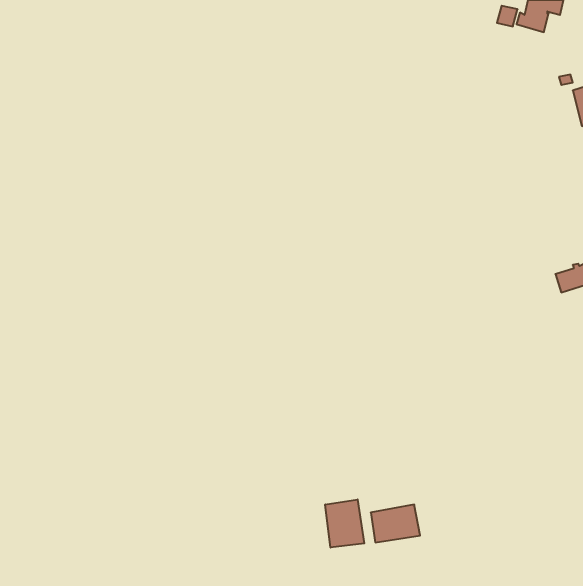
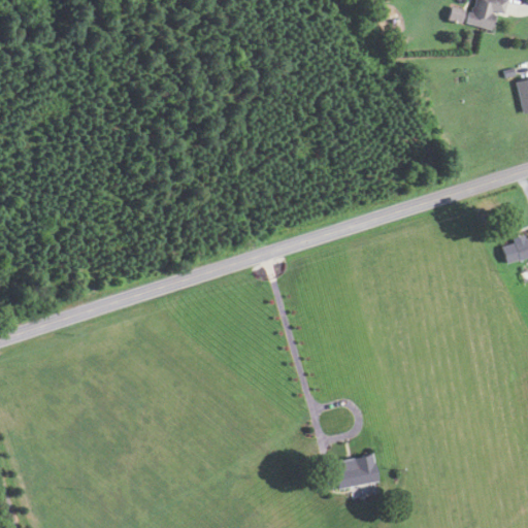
building: [325,499,364,548] -> none

